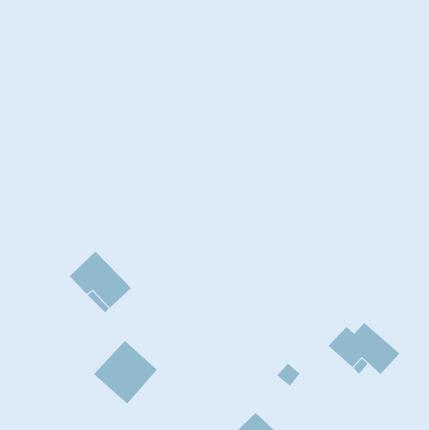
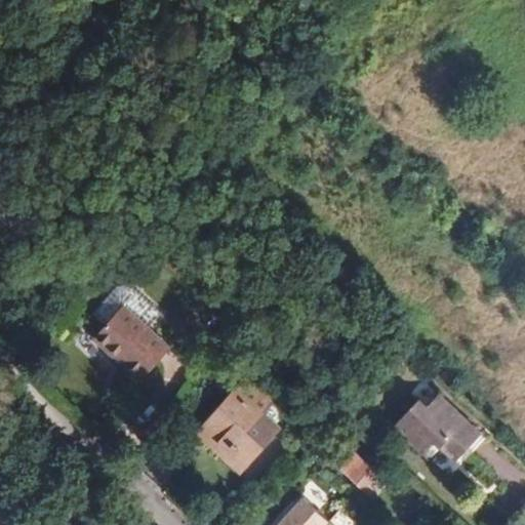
building: [93,340,158,405] -> [195,391,273,469]

